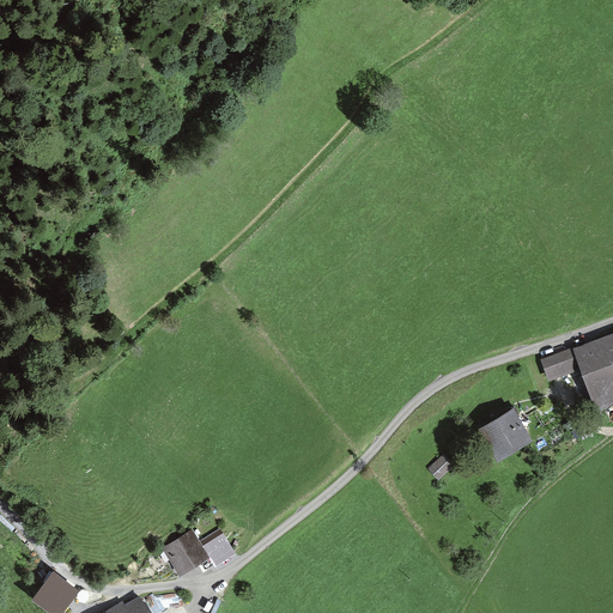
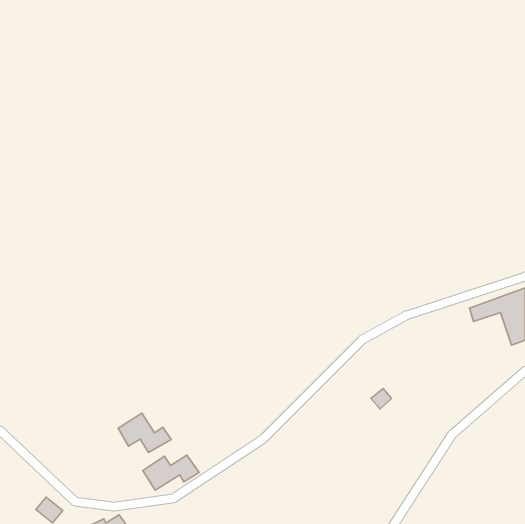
building: [484,411,528,454] -> none
building: none -> [118,413,171,452]

